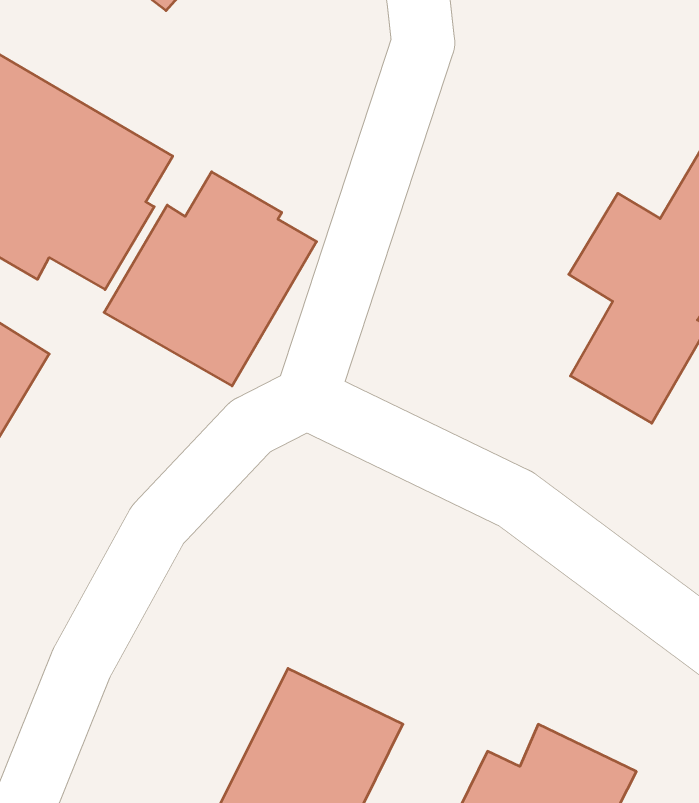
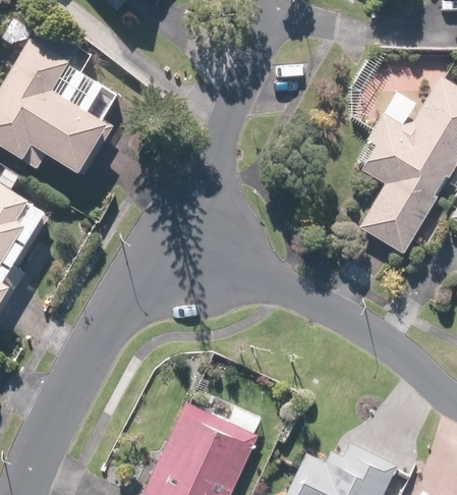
building: [104,172,317,386] -> none

